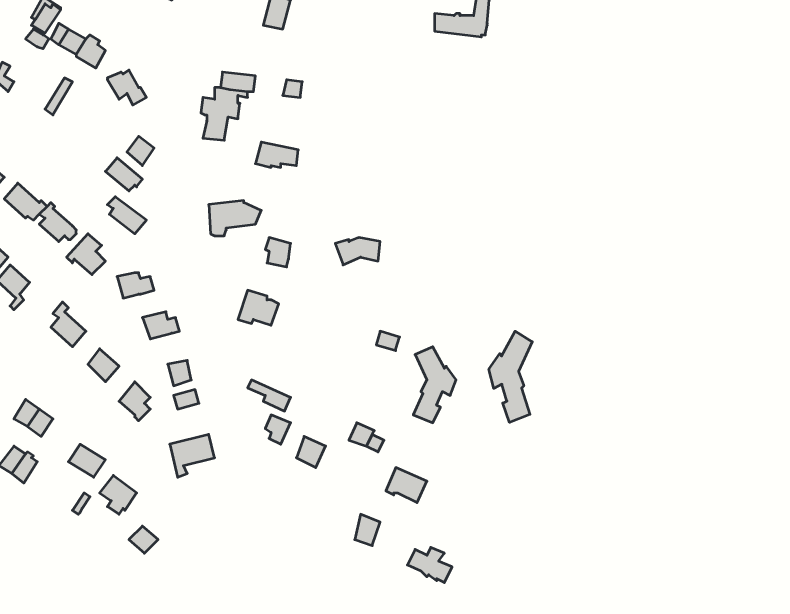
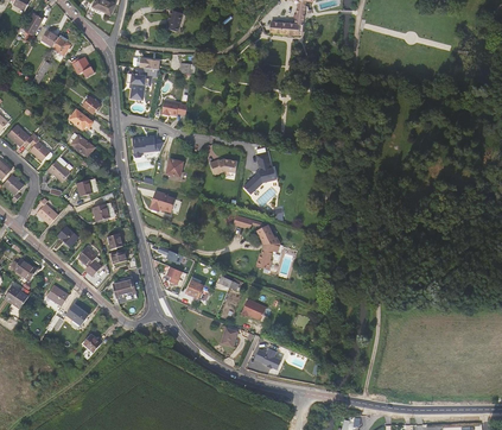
building: none -> [244,151,277,194]
building: [489,331,532,422] -> none

